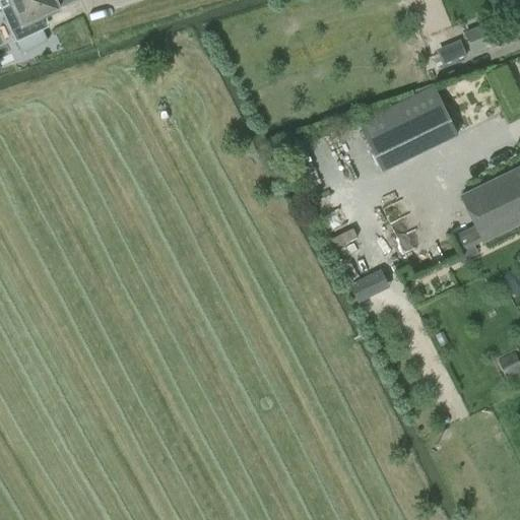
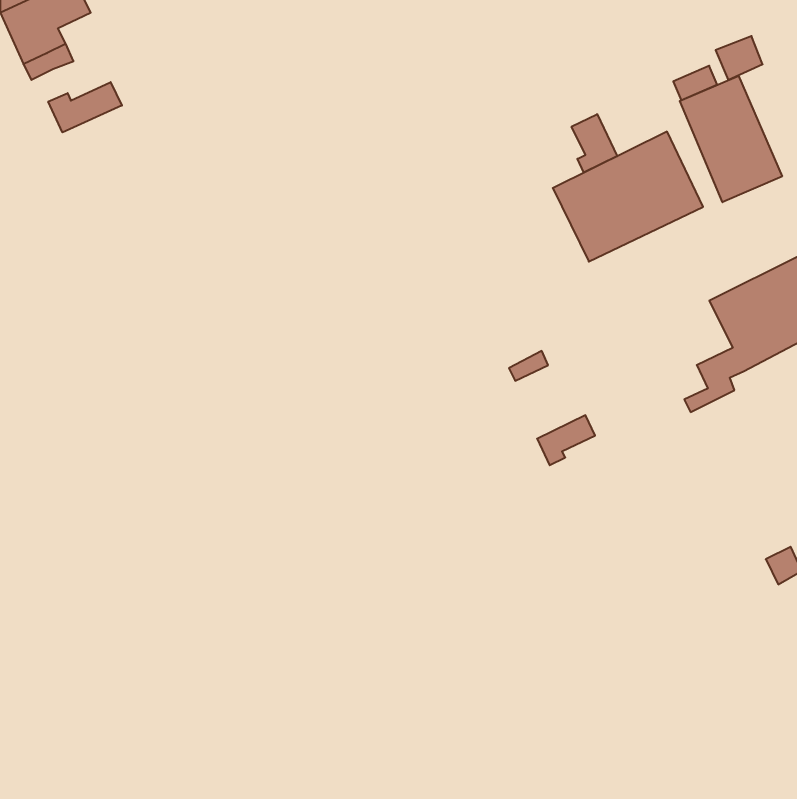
building: none -> [680,76,782,202]
building: none -> [48,82,122,132]
building: none -> [572,114,617,173]

